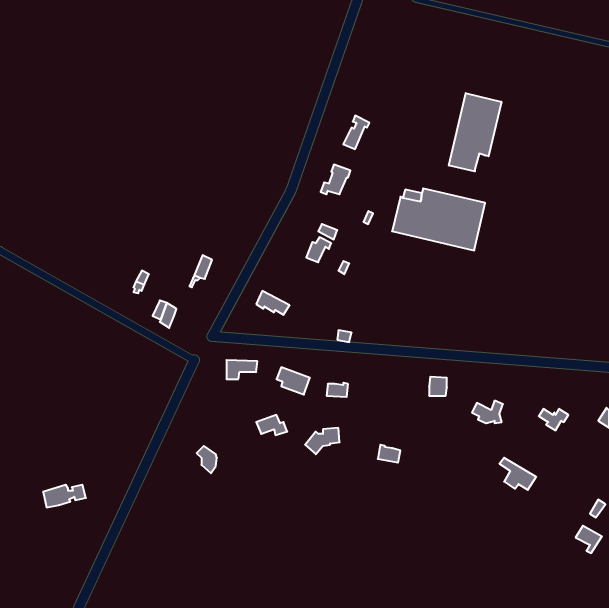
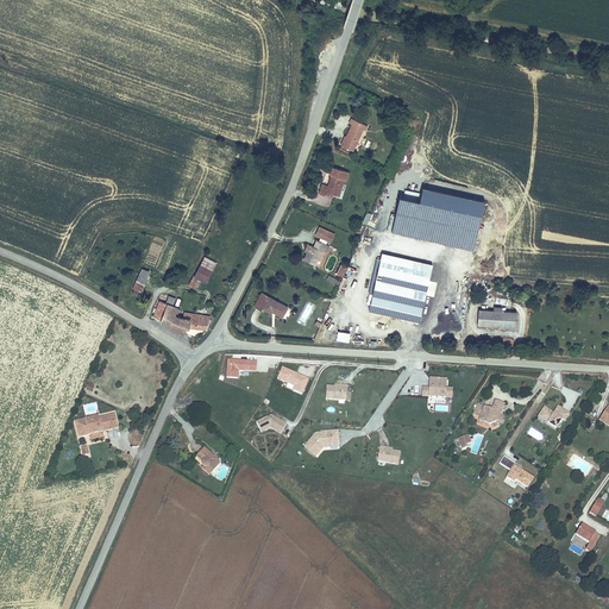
building: [449,93,501,171] -> none
building: none -> [368,252,432,321]
building: none -> [477,308,516,328]
building: none -> [169,312,209,332]
building: [43,485,86,507] -> [75,417,118,440]

